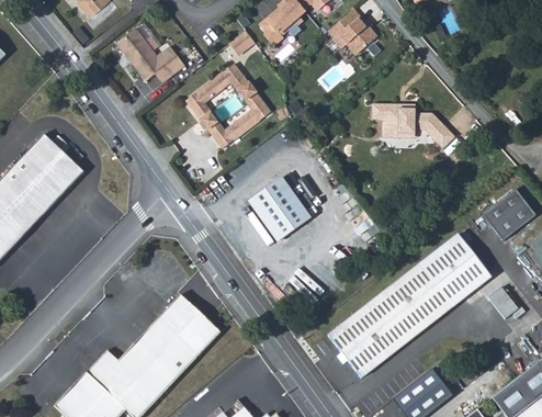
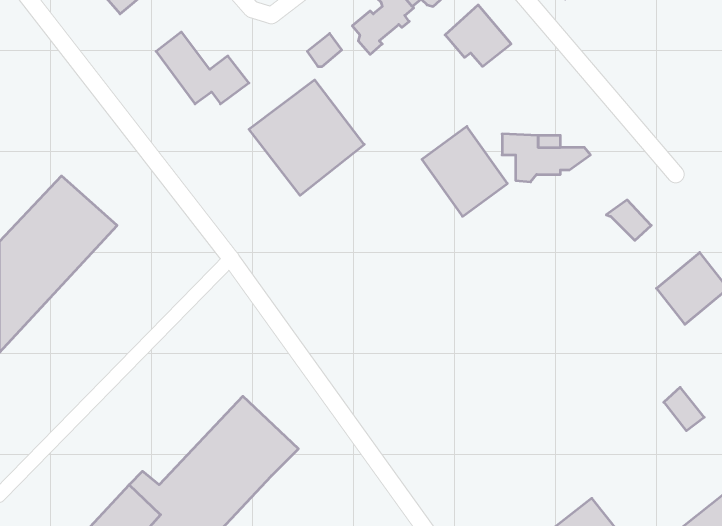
building: [419,117,452,147] -> [606,200,651,240]
building: [246,177,308,243] -> [422,126,507,216]
building: [329,234,493,380] -> none

